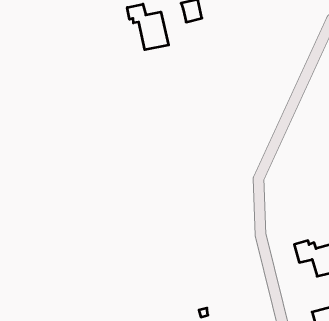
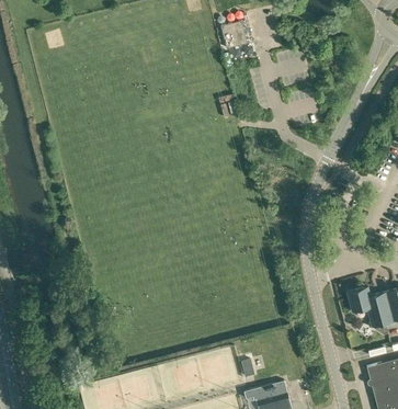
building: [127,4,169,50] -> none

